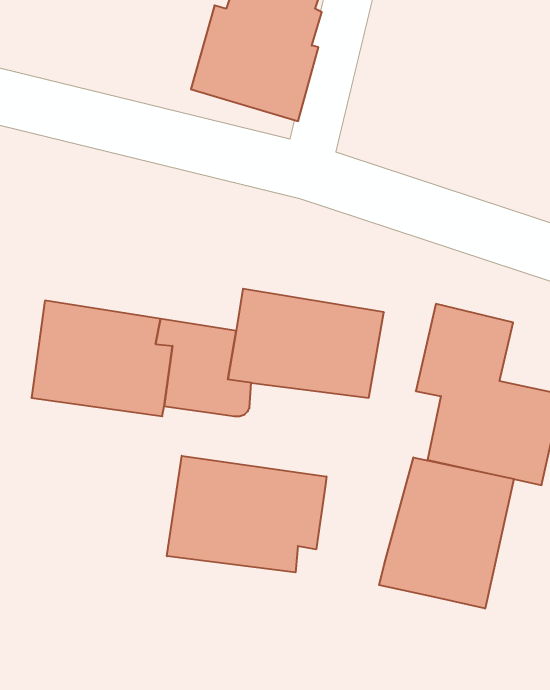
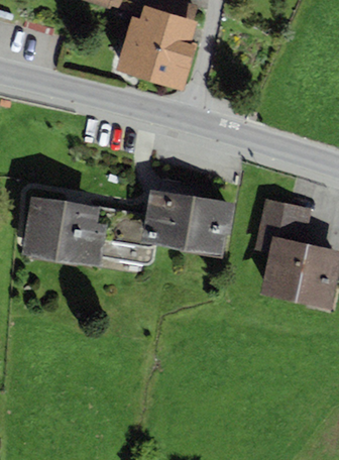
building: [167,456,326,572] -> none
building: [379,457,514,609] -> none

